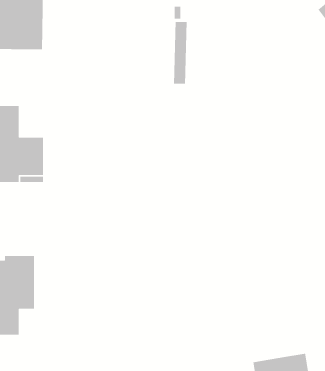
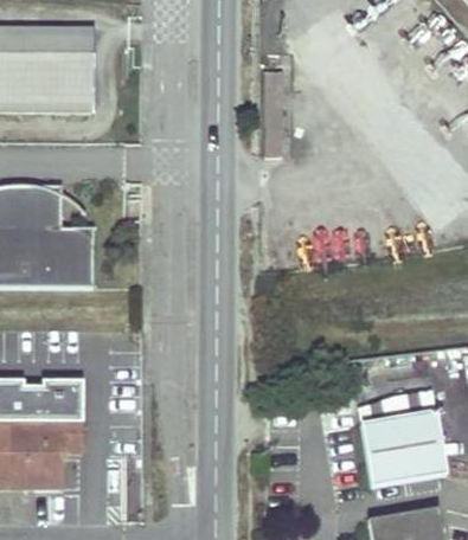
building: none -> [359,411,443,487]

